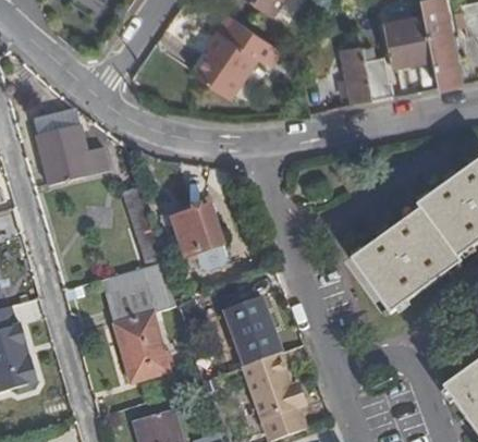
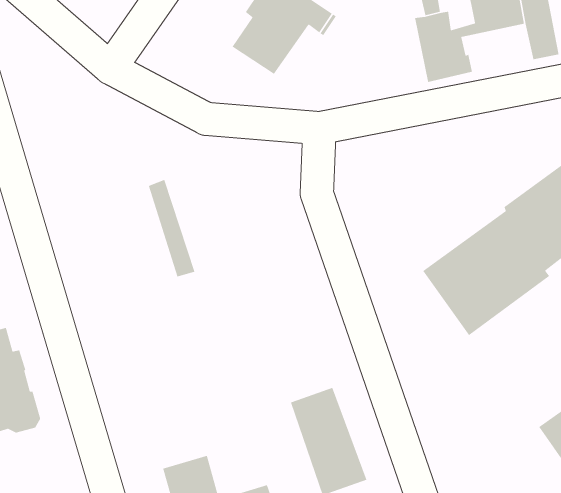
building: [34,108,112,184] -> none
building: [175,201,228,265] -> none
building: [103,266,179,382] -> none
building: [221,296,280,366] -> none

